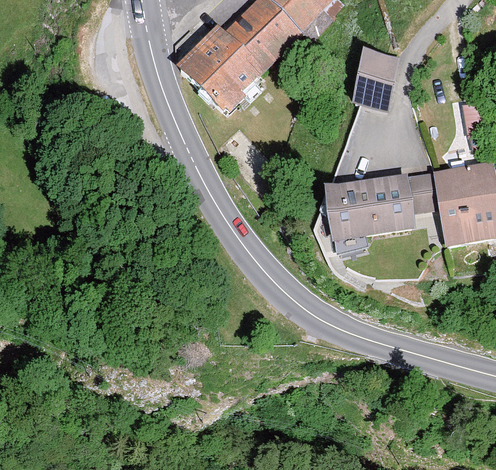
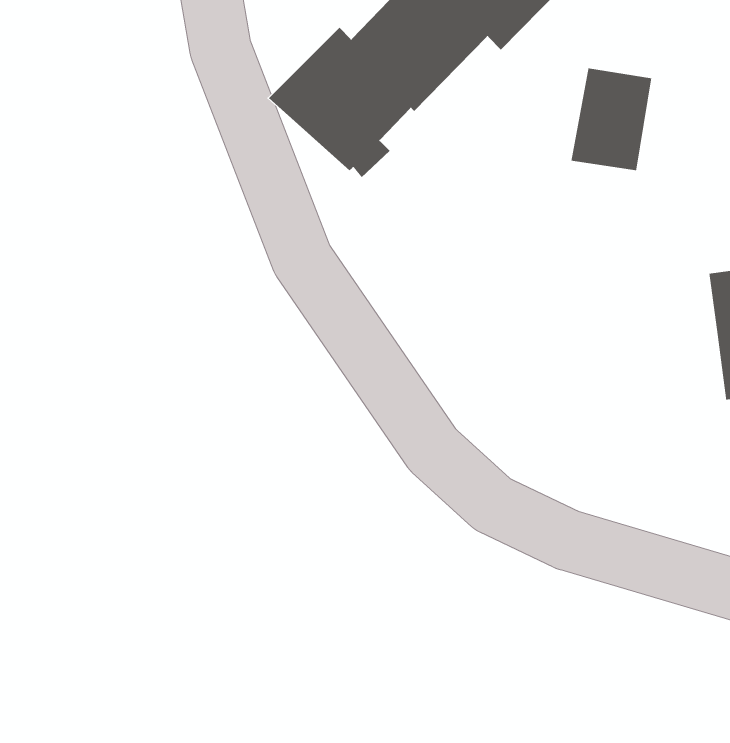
building: [324,170,439,240] -> none

